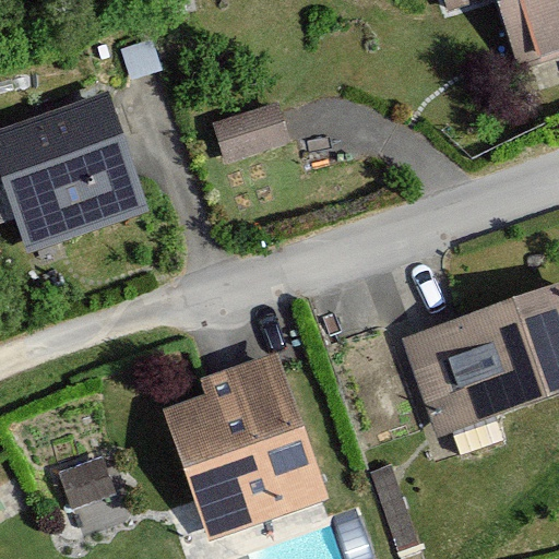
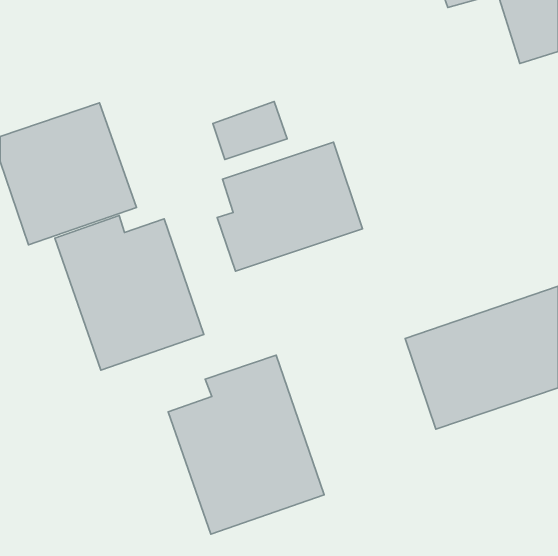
building: none -> [217,142,362,271]
building: none -> [55,216,204,370]

